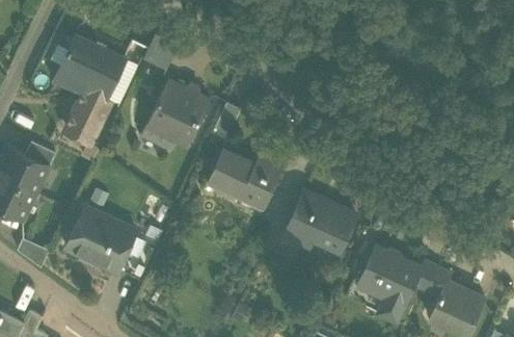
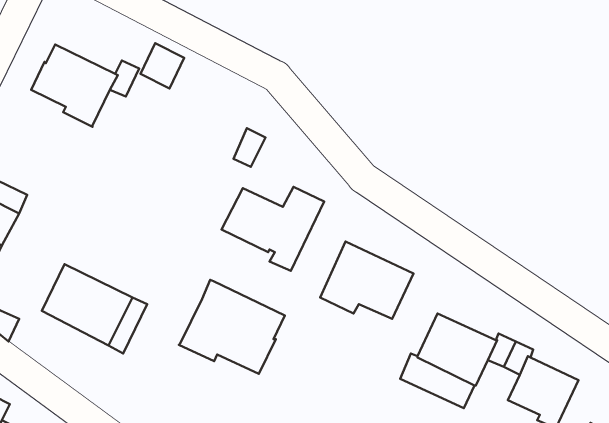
building: [140,81,208,147] -> none
building: [63,89,110,140] -> none
building: none -> [179,280,285,374]

